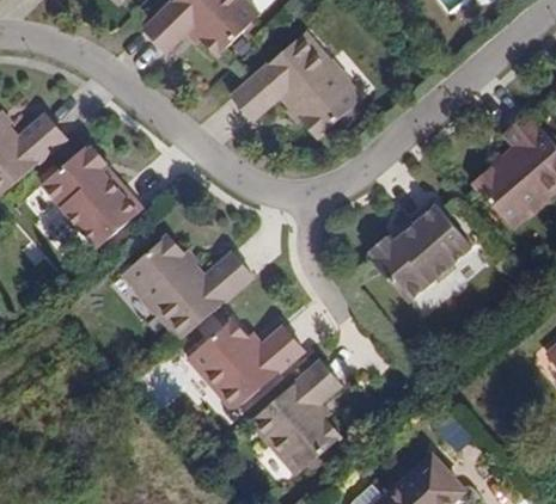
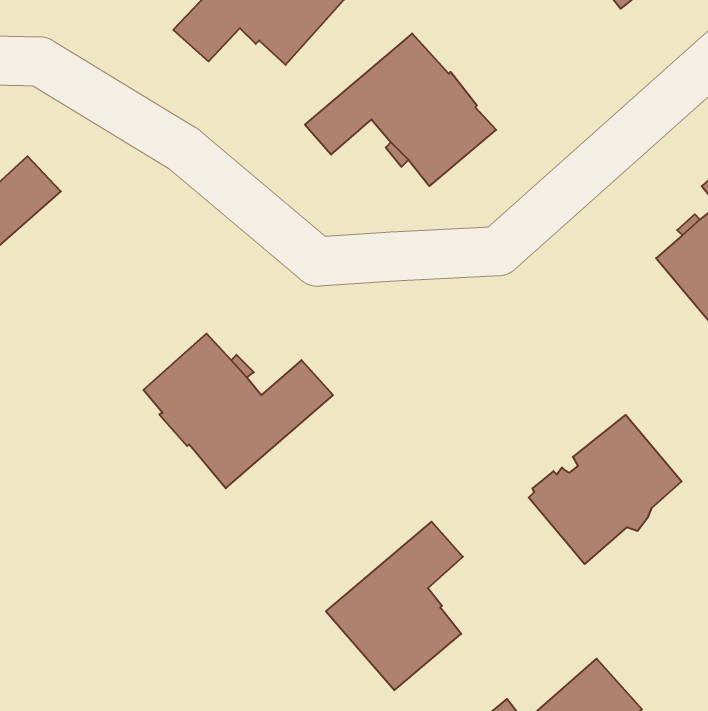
building: [43,145,145,248] -> none
building: [368,201,472,302] -> [529,415,682,564]
building: [188,320,305,412] -> none

